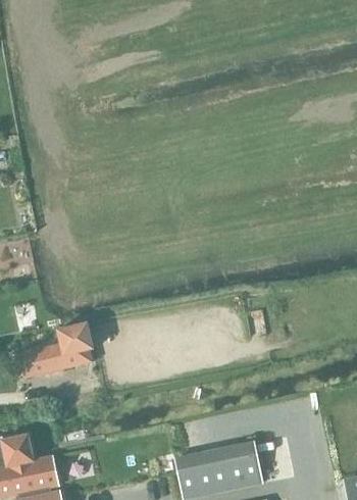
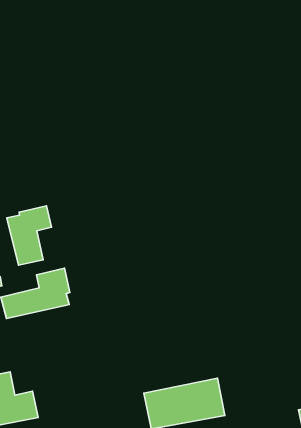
building: none -> [7,206,51,265]

